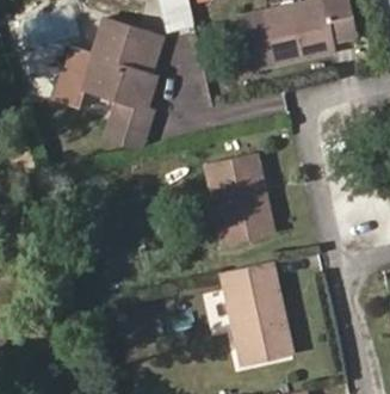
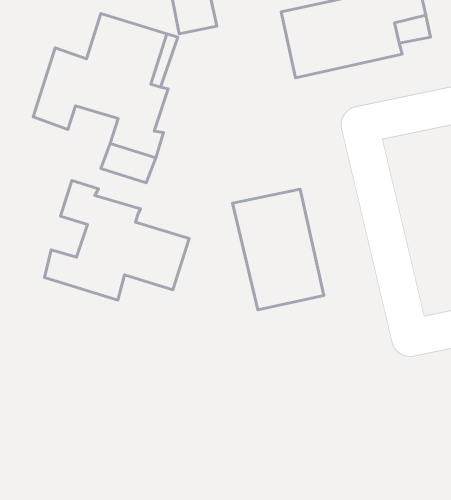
building: none -> [44,181,189,300]
building: [221,261,295,368] -> none

